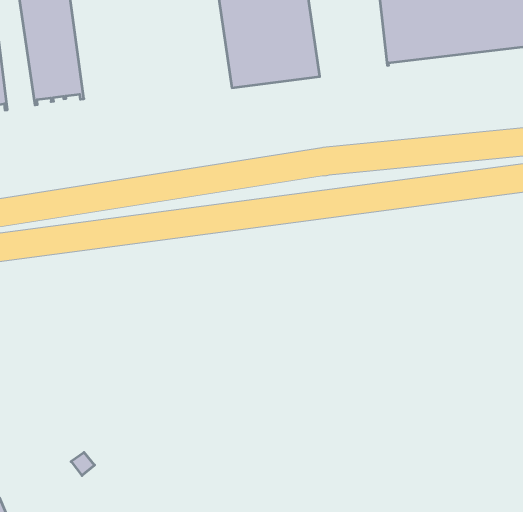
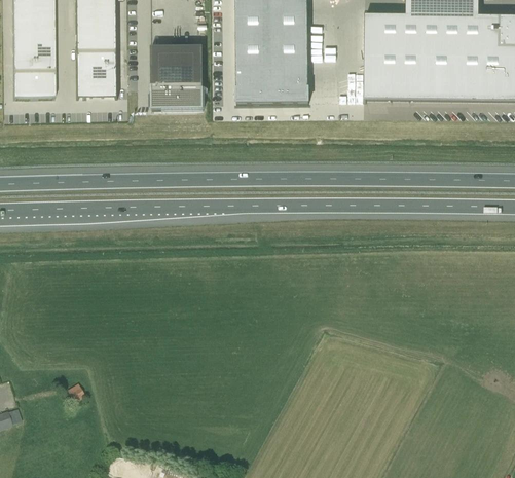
building: none -> [150,45,203,108]

